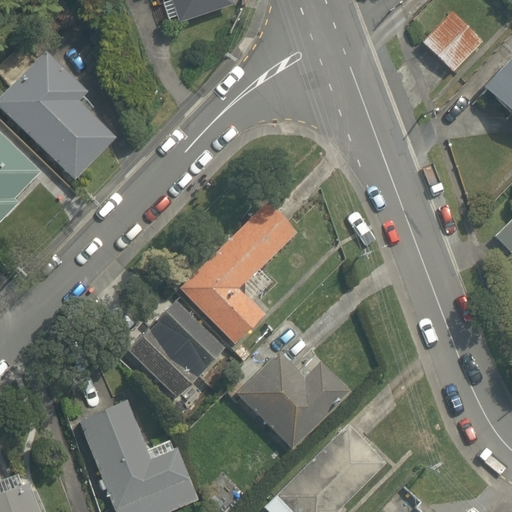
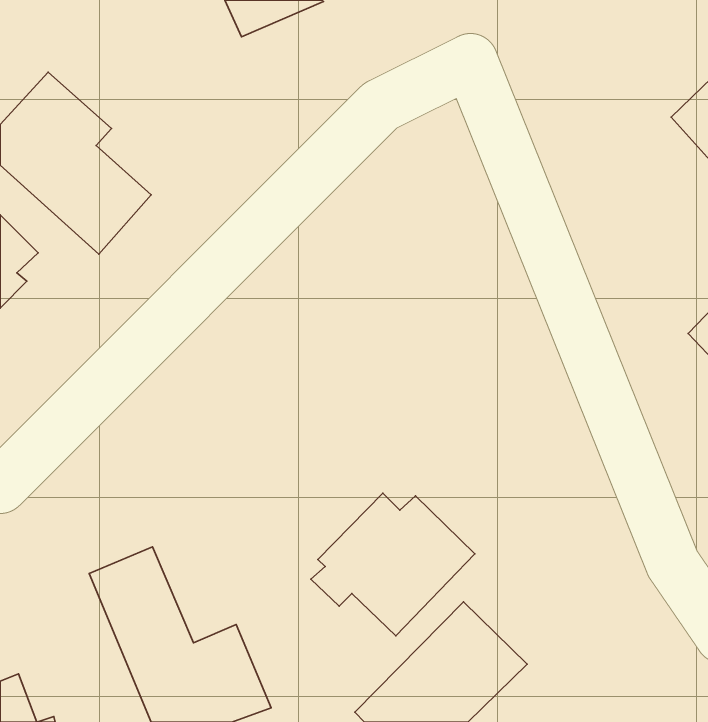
building: [421,10,484,72] -> none
building: [179,195,301,343] -> none
building: [122,299,225,401] -> none

